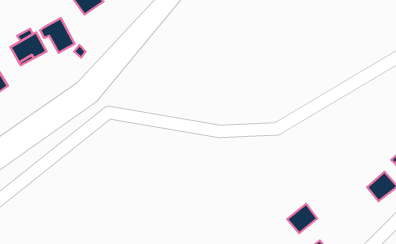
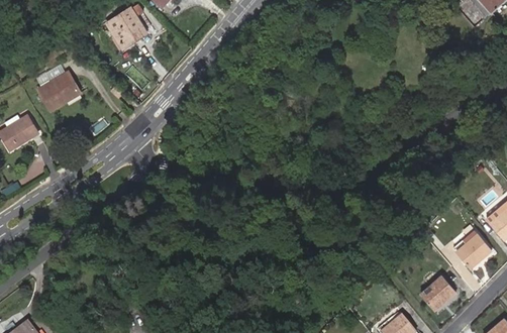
building: [40,18,75,53] -> none
building: [287,204,317,233] -> [419,274,454,309]

